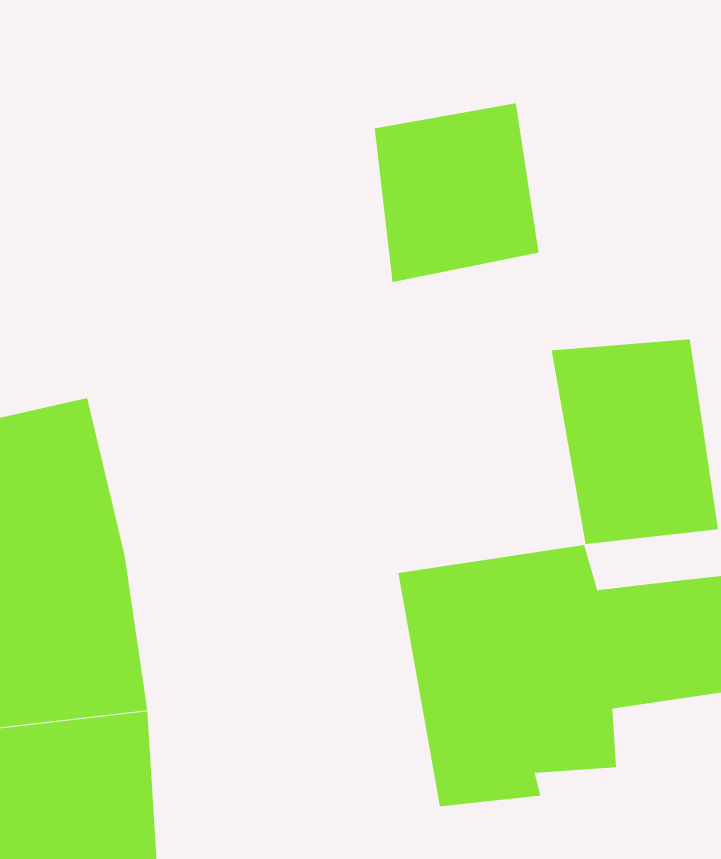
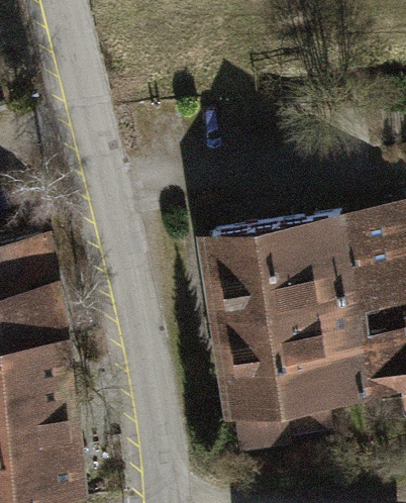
building: [374,102,539,283] -> none
building: none -> [203,217,314,336]

